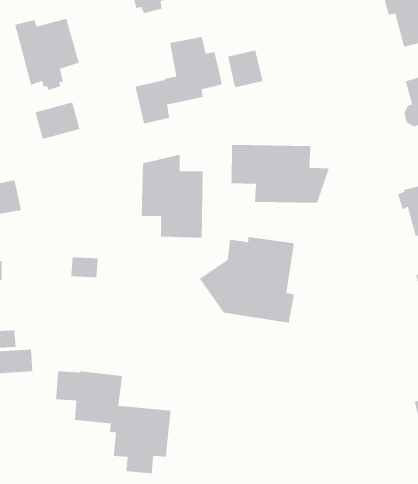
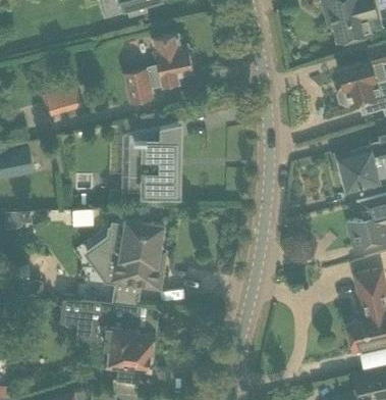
building: [14,18,80,91] -> none
building: [227,49,263,88] -> none
building: [231,144,330,204] -> none
building: [199,236,295,323] -> [88,220,164,290]

